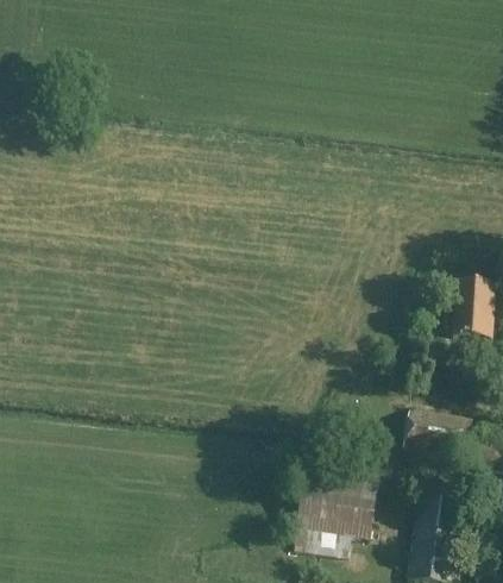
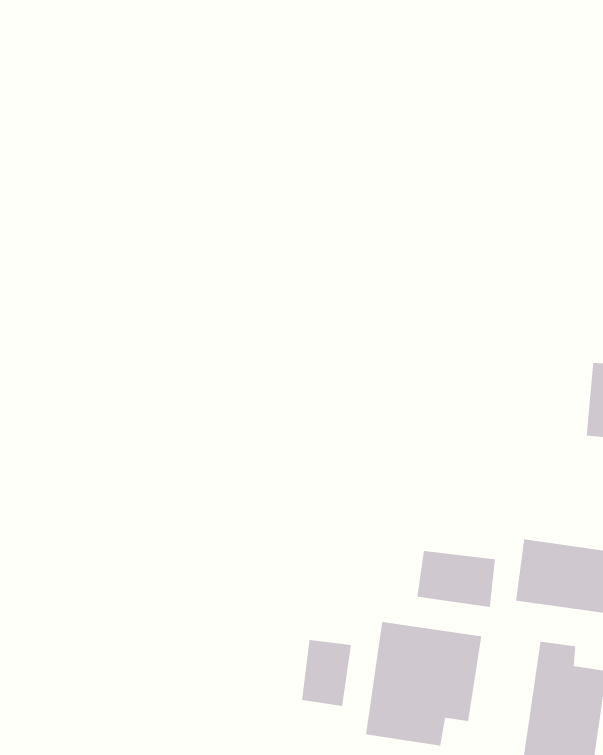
building: none -> [416,550,496,608]
building: none -> [301,639,352,707]

